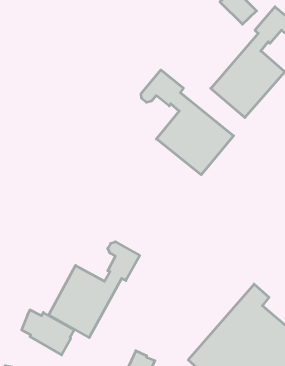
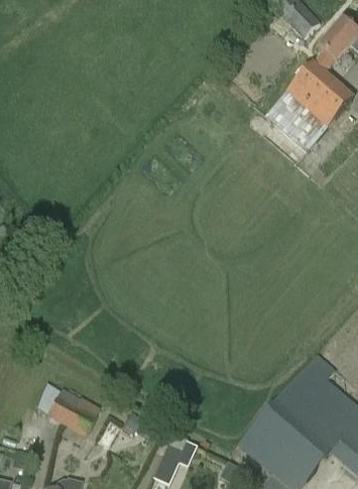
building: [141,70,234,175] -> none
building: [49,242,140,338] -> none

